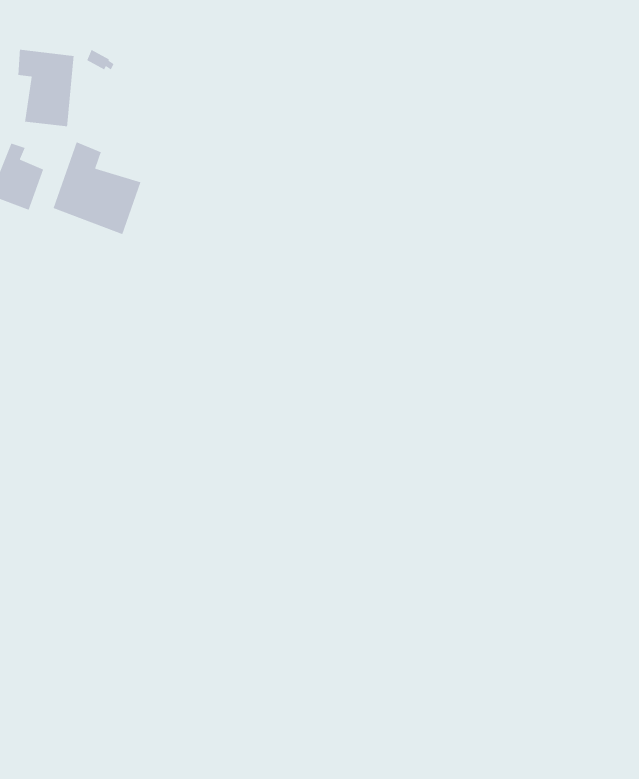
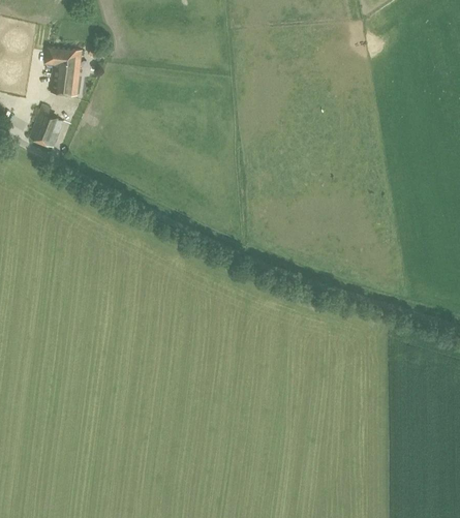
building: [52,141,142,235] -> none

